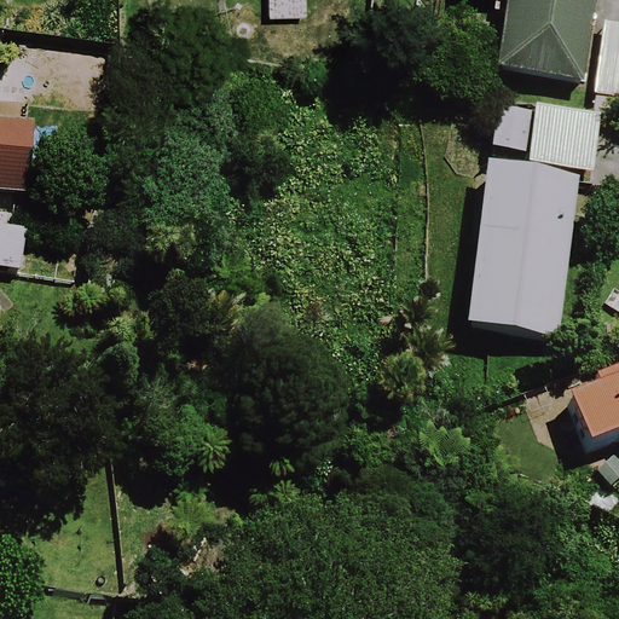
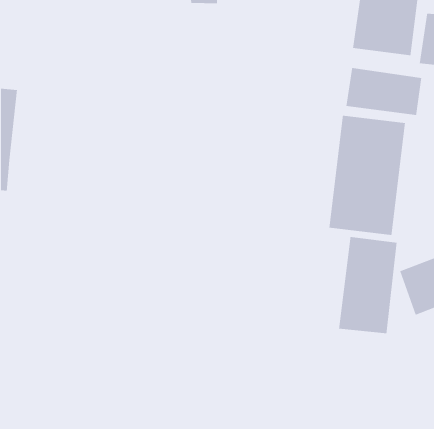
building: none -> [338,236,397,334]

